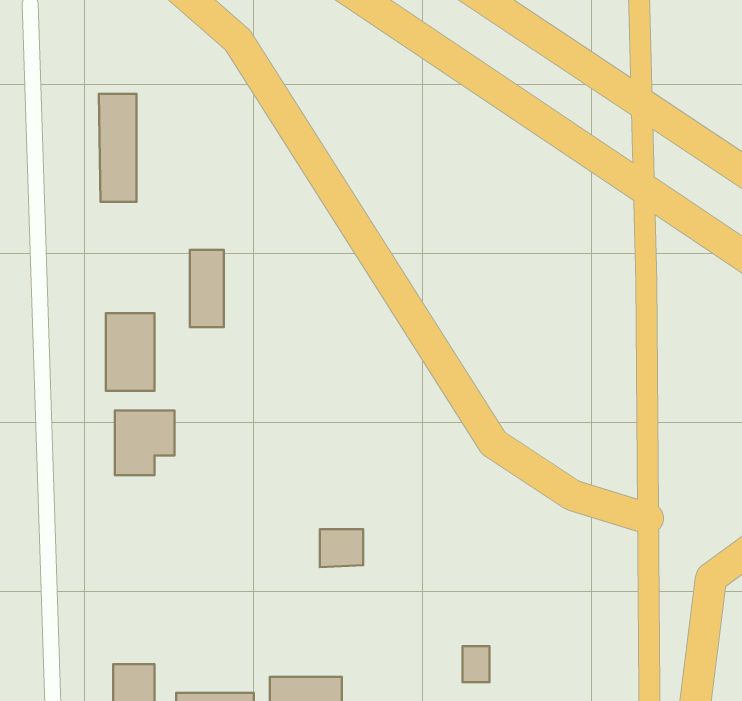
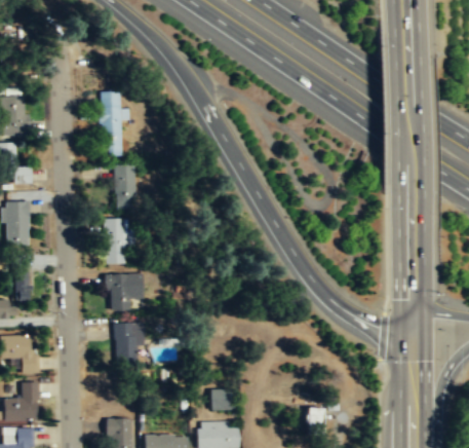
building: [190,250,224,327] -> [116,163,135,208]
building: none -> [117,326,141,366]
building: [320,529,363,567] -> [213,387,238,409]

